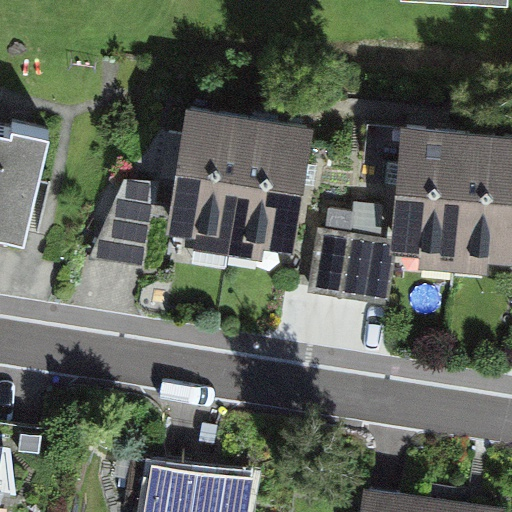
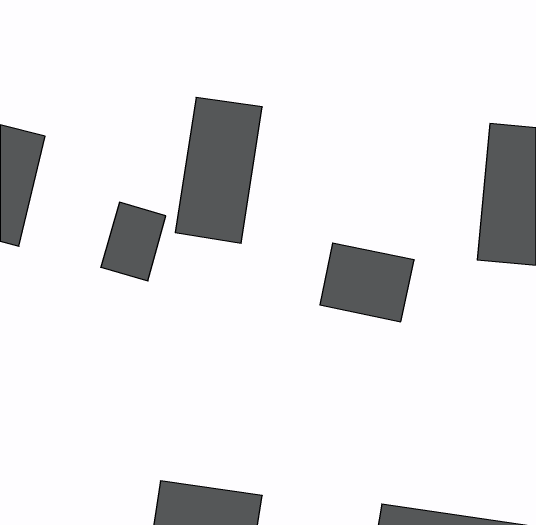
building: [230,112,314,252] -> none
building: [391,122,467,258] -> none

